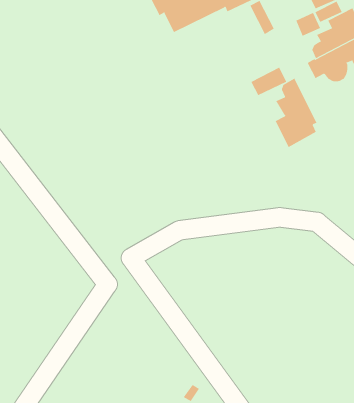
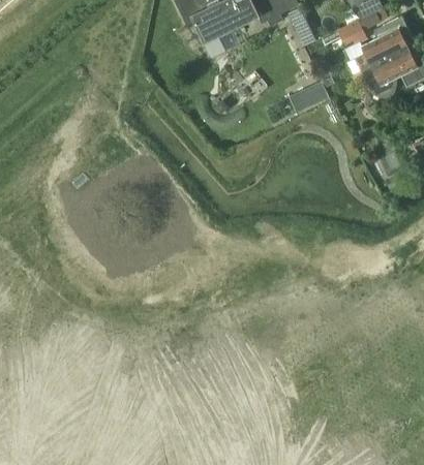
building: [275,77,317,148] -> none

